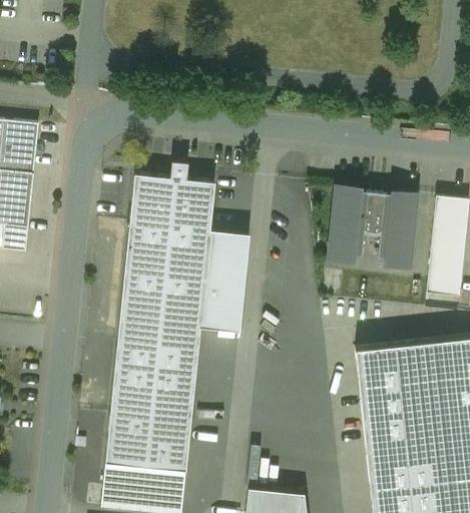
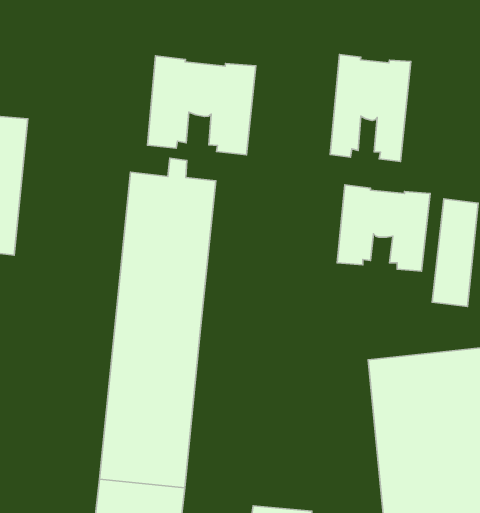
building: none -> [330,54,411,162]
building: none -> [147,56,256,155]
building: [199,231,249,333] -> none

